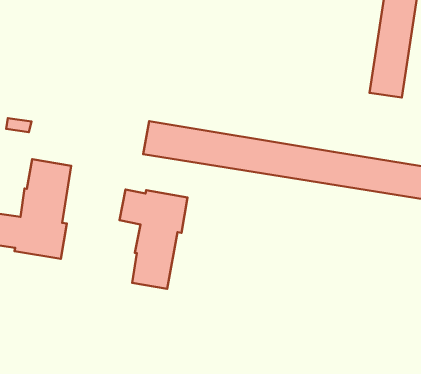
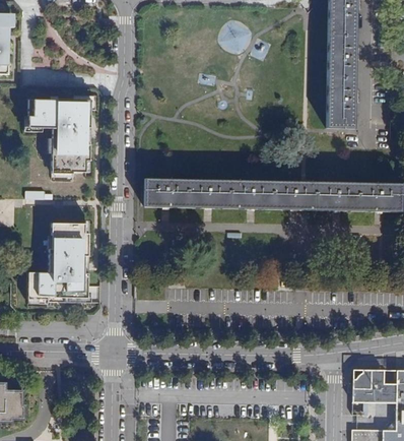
building: none -> [28,99,90,174]
building: [119,189,188,289] -> none

